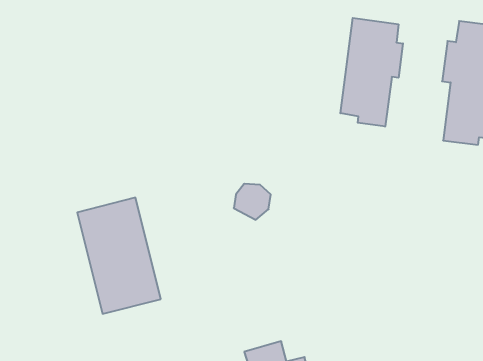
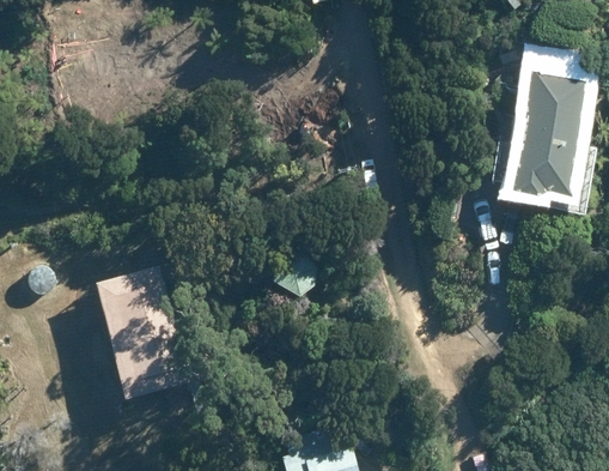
building: [340,18,403,127] -> none

